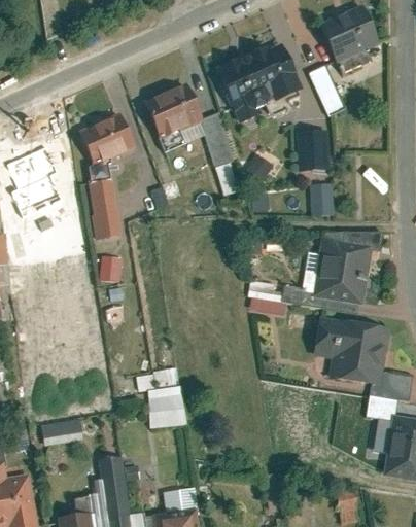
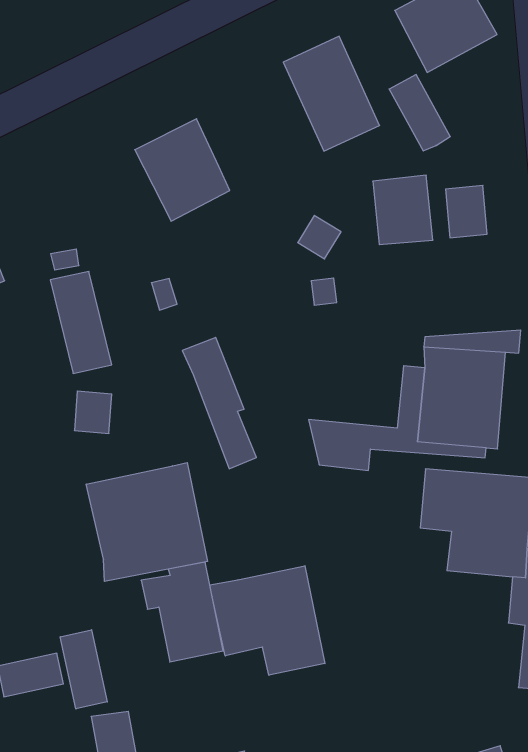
building: [215,55,266,121] -> none
building: [76,110,137,165] -> none
building: [199,111,242,195] -> [182,337,256,469]
building: [311,181,336,213] -> [446,185,487,238]
building: none -> [86,463,208,581]
building: none -> [210,566,325,675]
building: none -> [60,630,107,709]

